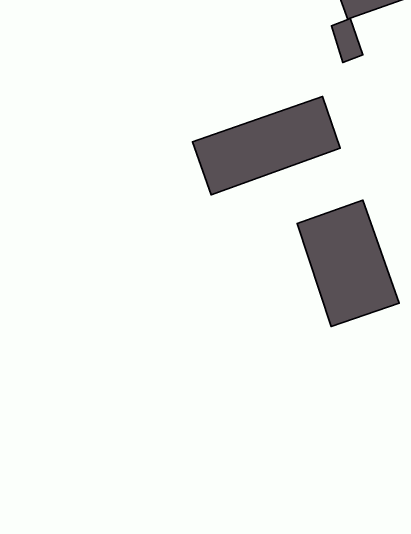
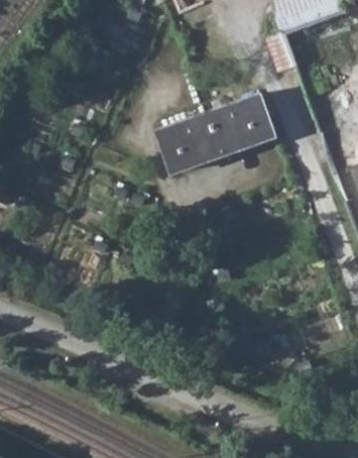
building: [297,200,399,327] -> none

